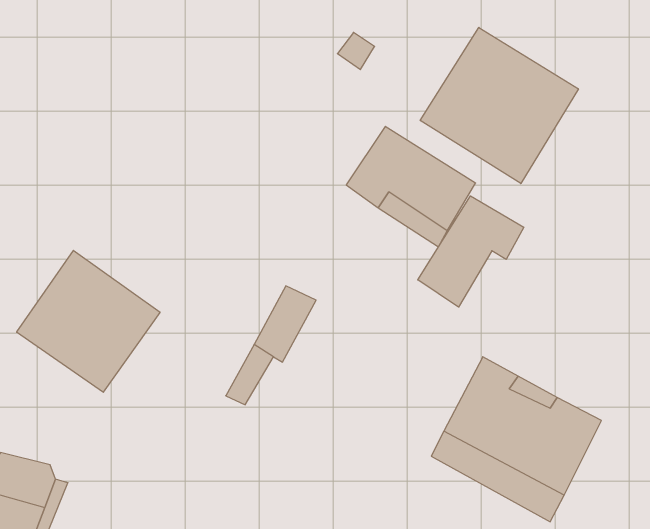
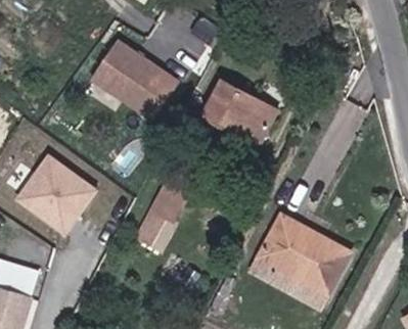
building: [420,27,578,184] -> none
building: none -> [87,42,172,121]
building: [418,196,524,307] -> none

